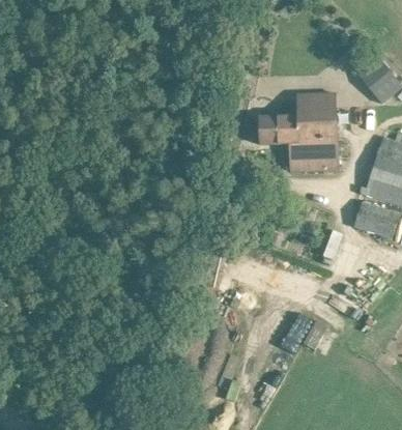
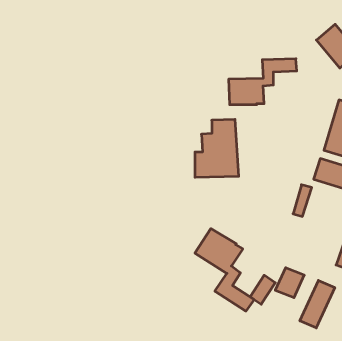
building: [289,107,338,171] -> [195,119,239,177]
building: none -> [195,229,254,311]
building: none -> [300,280,335,328]

